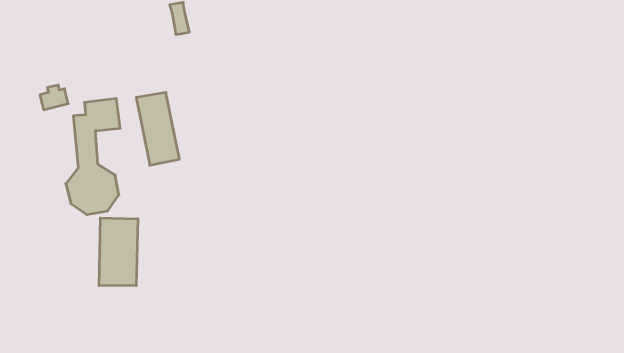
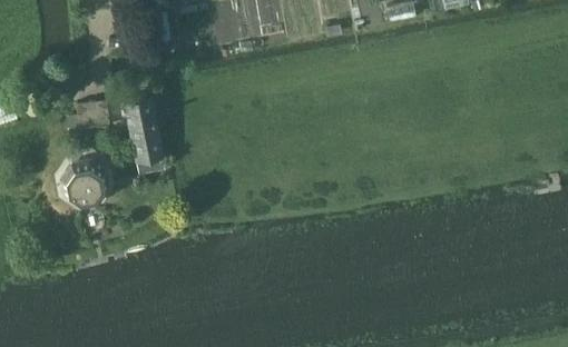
building: [99,218,138,286] -> none

